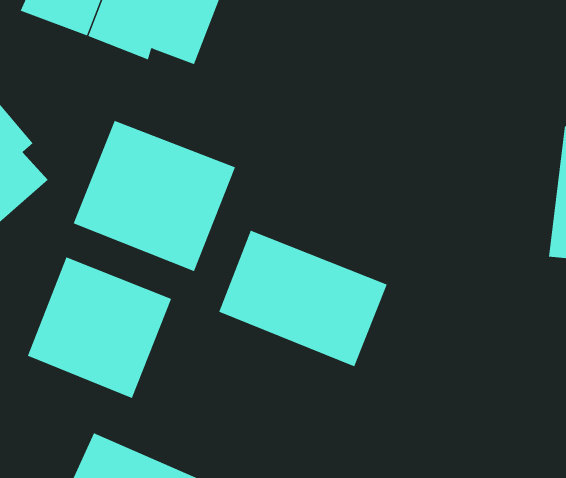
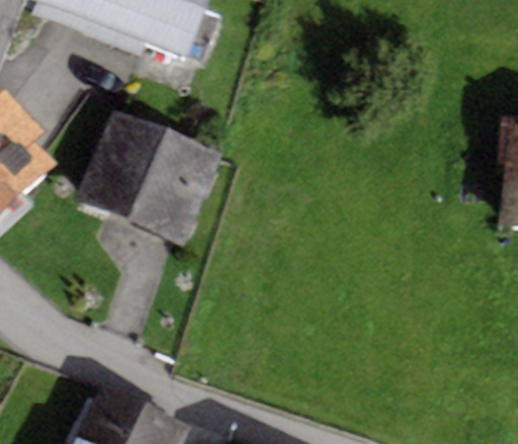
building: [218,230,387,367] -> none
building: [27,256,172,399] -> none

